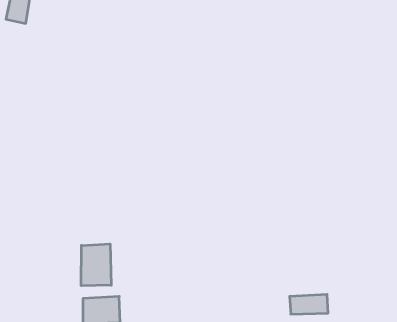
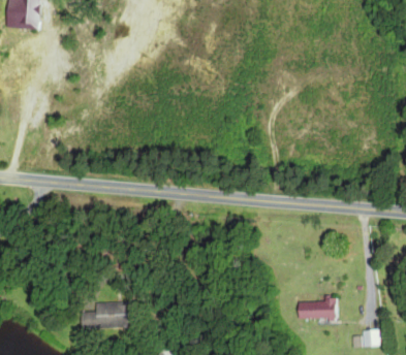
building: [81,244,111,286] -> none

